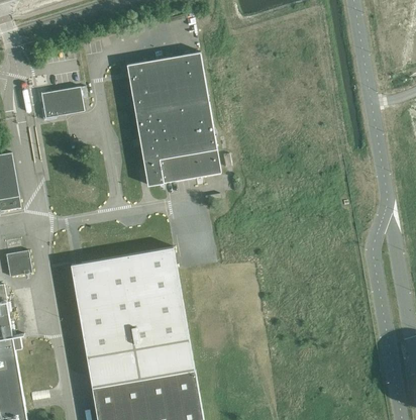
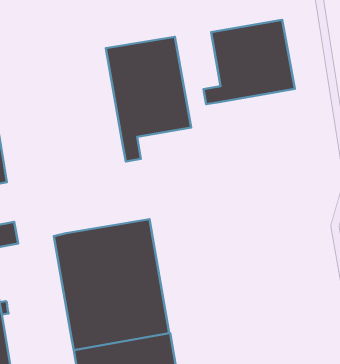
building: none -> [204,20,295,104]
building: [41,86,84,120] -> none
building: [160,148,221,182] -> none

